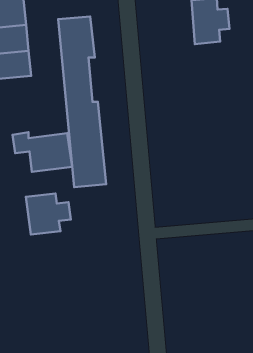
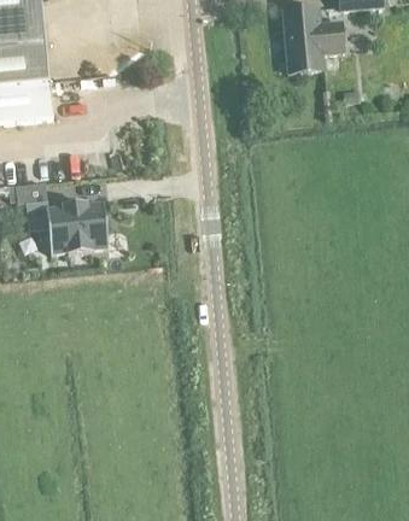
building: [58,16,106,187] -> none
building: [26,194,71,234] -> none

